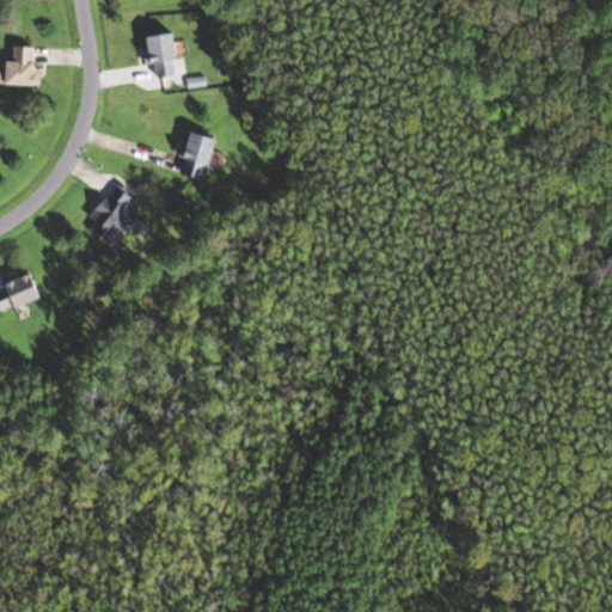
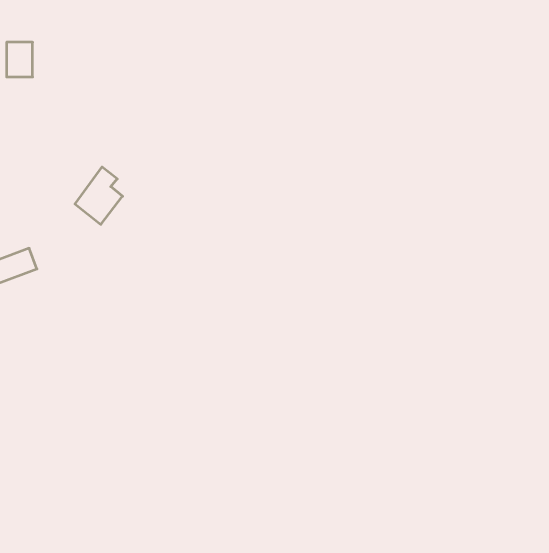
building: [146,32,176,78] -> none
building: [177,130,216,178] -> none

